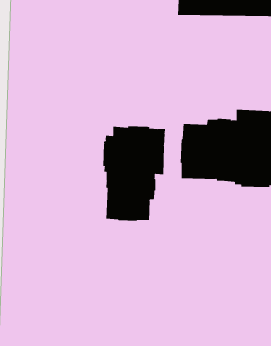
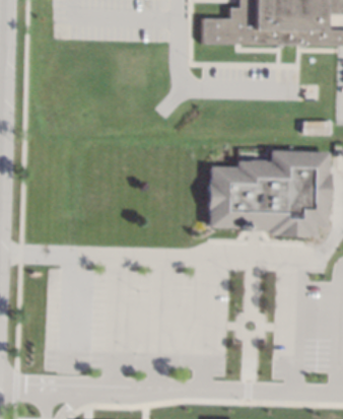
building: [103,125,166,222] -> none

